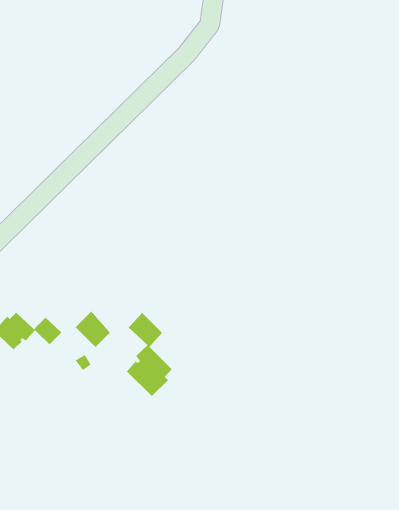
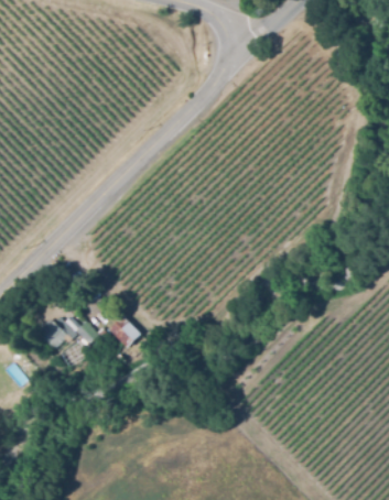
building: [126,312,173,397] -> none

